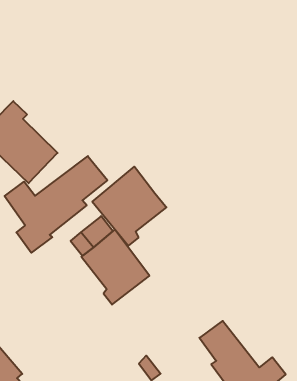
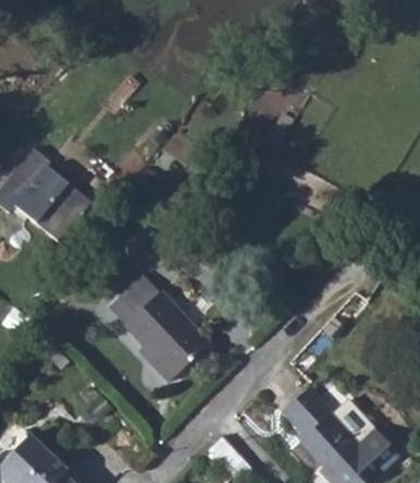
building: [5,156,107,253] -> none
building: [92,167,166,246] -> none

